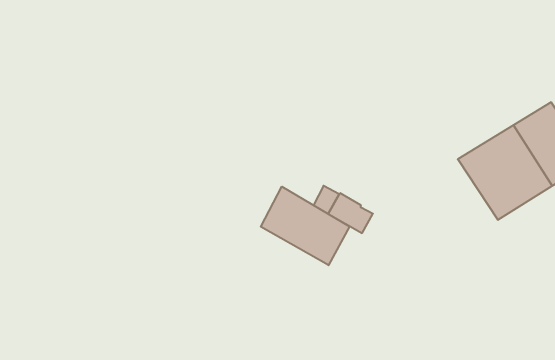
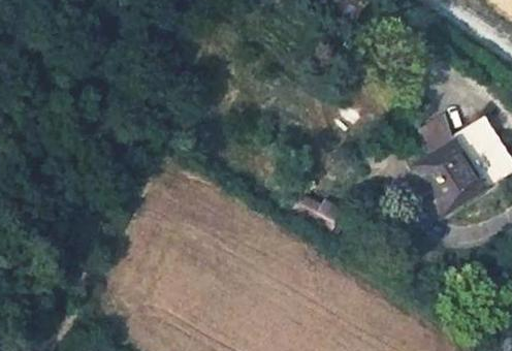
building: [261,187,350,265] -> none

